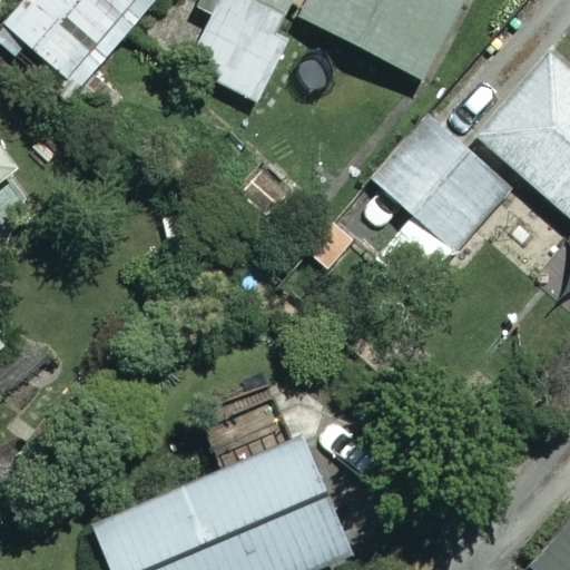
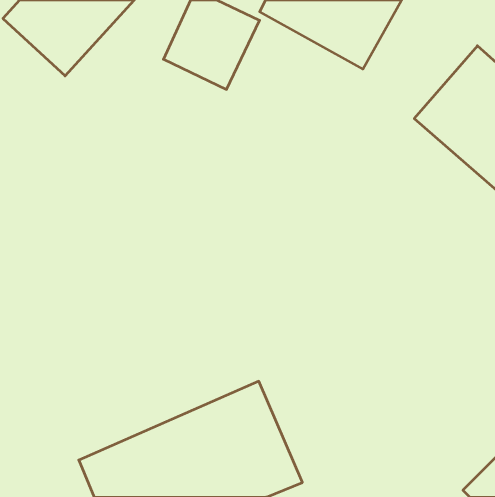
building: [372,116,509,249] -> none

